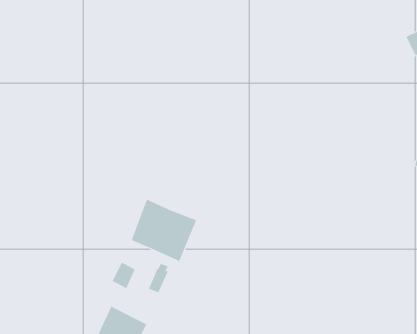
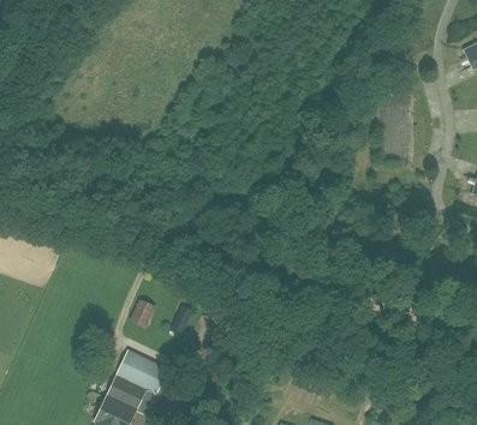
building: [131,199,197,262] -> none

